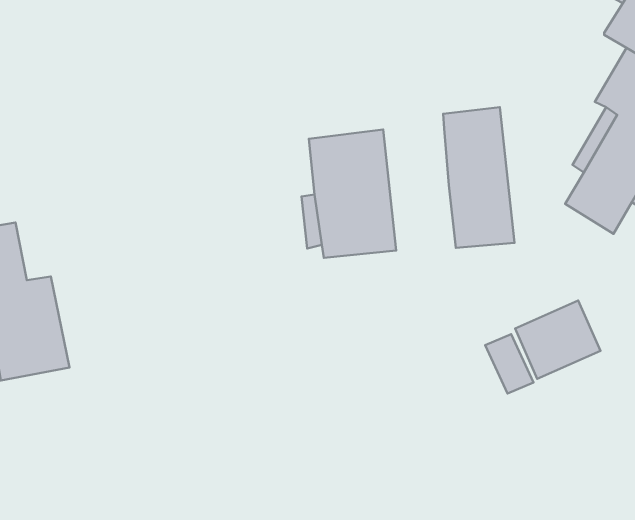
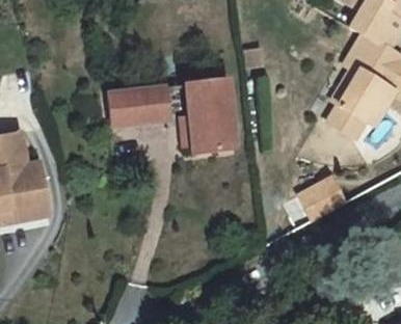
building: [443,107,515,248] -> none
building: none -> [108,86,168,124]

